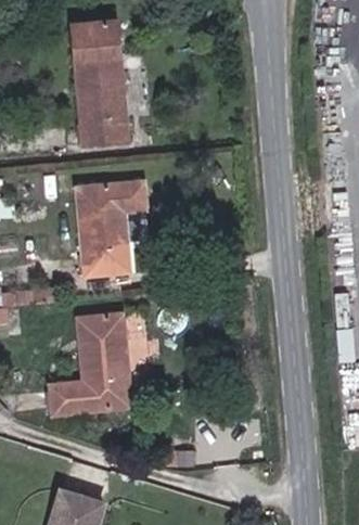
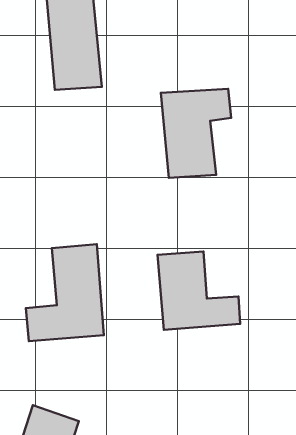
building: [74,180,150,277] -> [161,89,231,178]
building: none -> [157,252,240,330]

